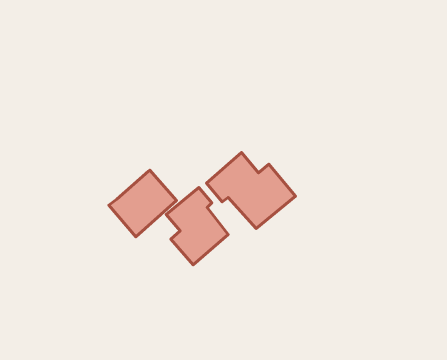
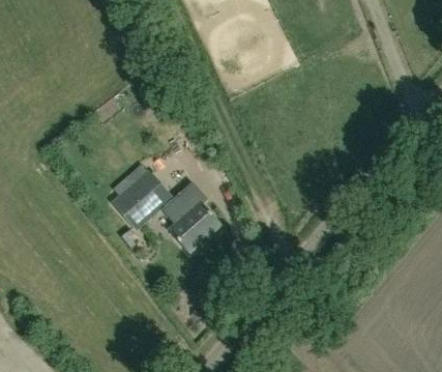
building: [206,152,296,229] -> none

